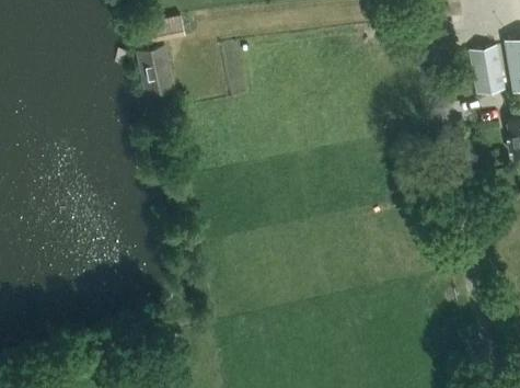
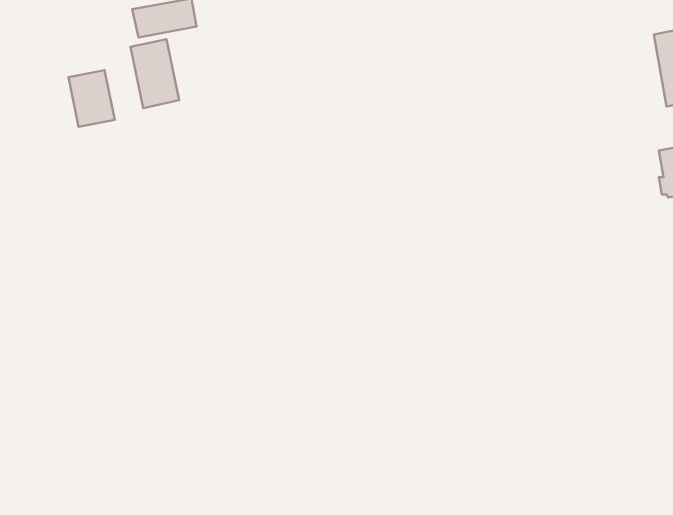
building: [470,47,505,95] -> none
building: none -> [68,70,115,127]

